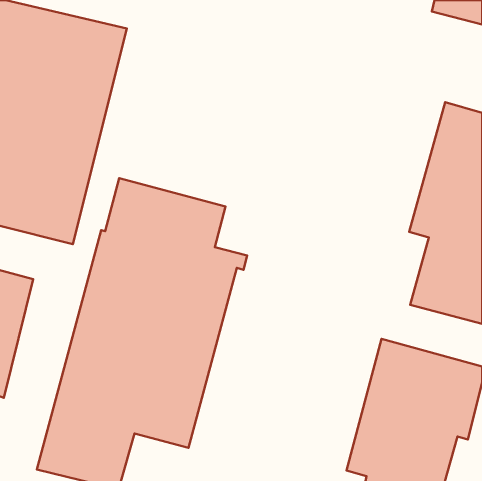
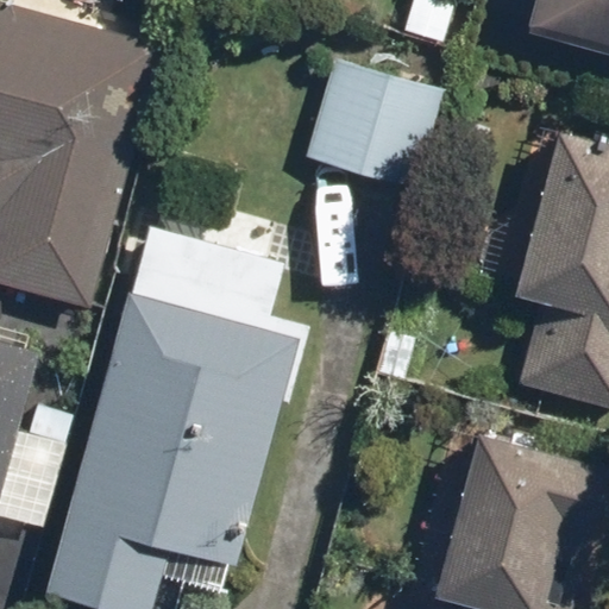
building: none -> [308,58,445,193]

